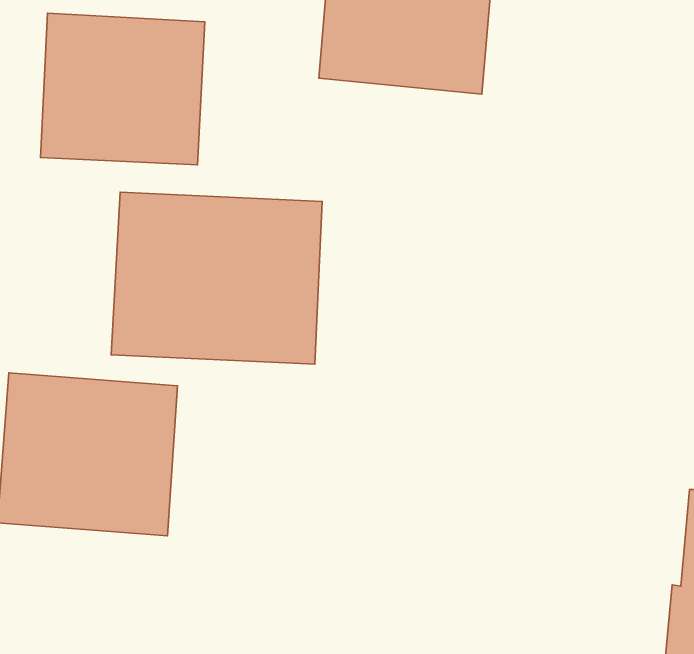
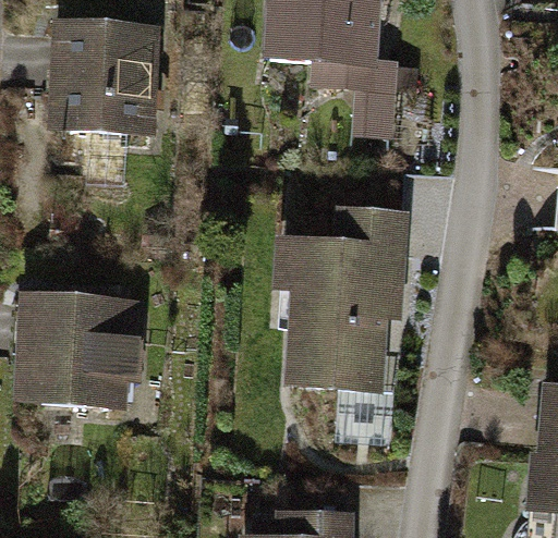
building: [111,192,322,364] -> none
building: none -> [271,204,404,389]

